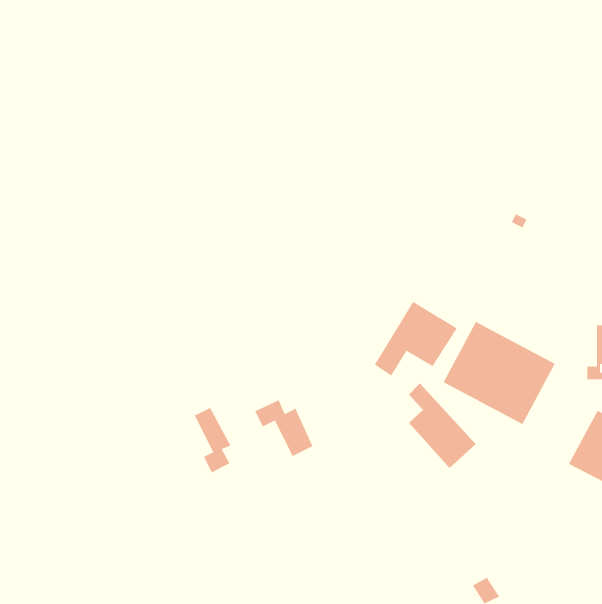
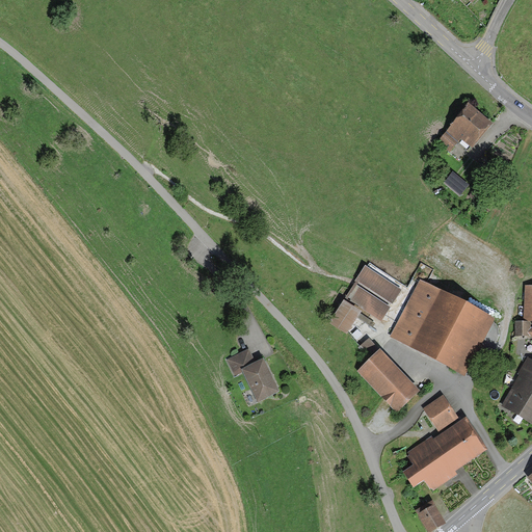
building: none -> [441,105,488,150]
building: [194,407,231,474] -> none
building: none -> [424,398,455,429]
building: none -> [402,418,485,485]

